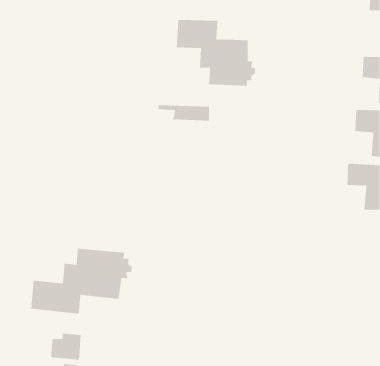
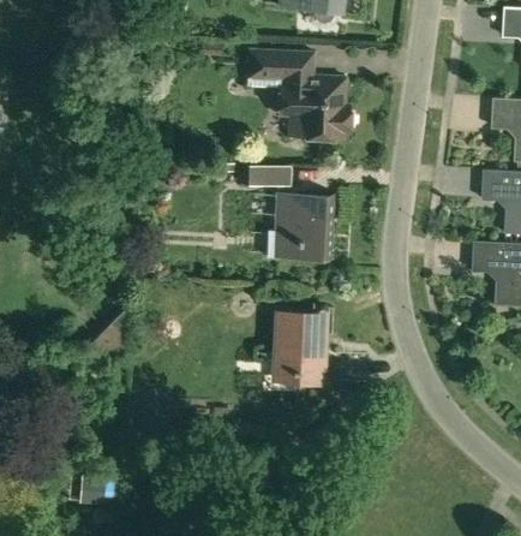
building: none -> [276,193,336,257]
building: none -> [277,312,323,382]
building: [31,248,133,314] -> none

